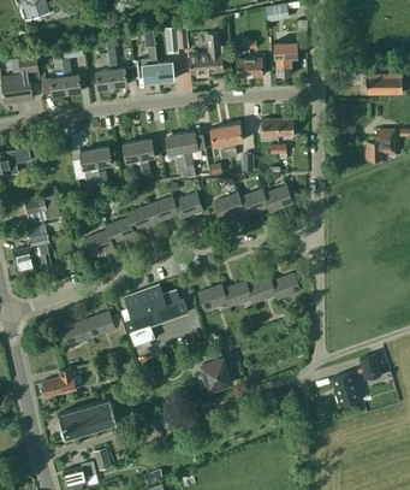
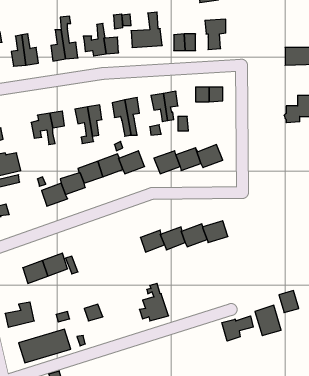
building: [121,288,188,346] -> none
building: none -> [222,316,253,341]

